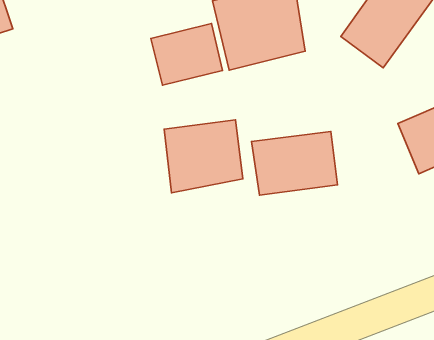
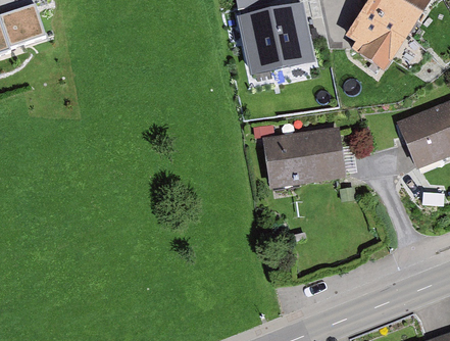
building: [151,23,222,85] -> none
building: [164,120,243,193] -> none

